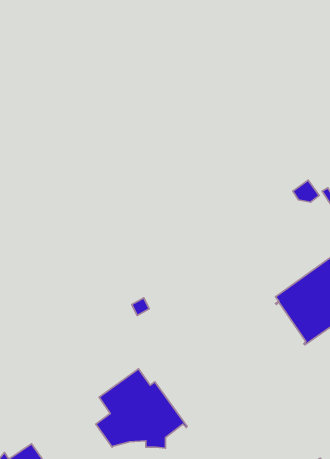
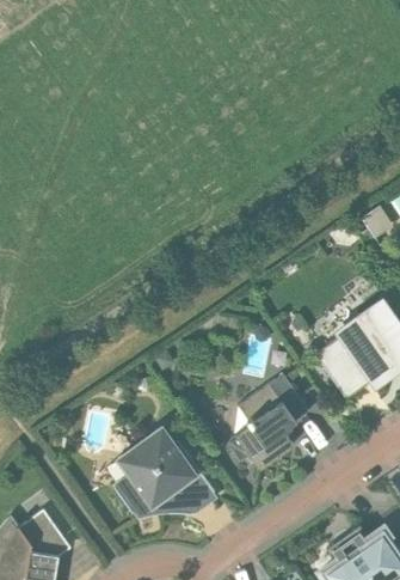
building: none -> [230,373,309,469]

